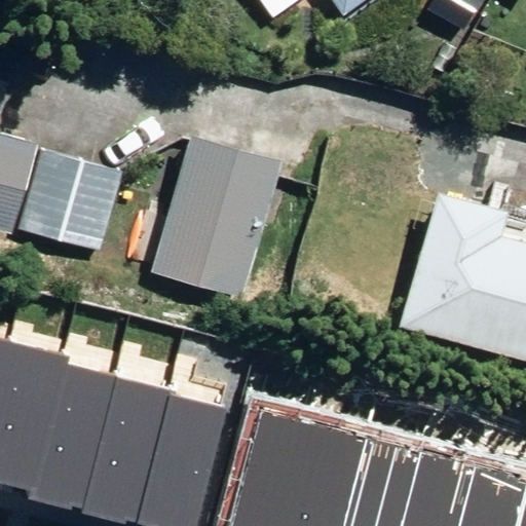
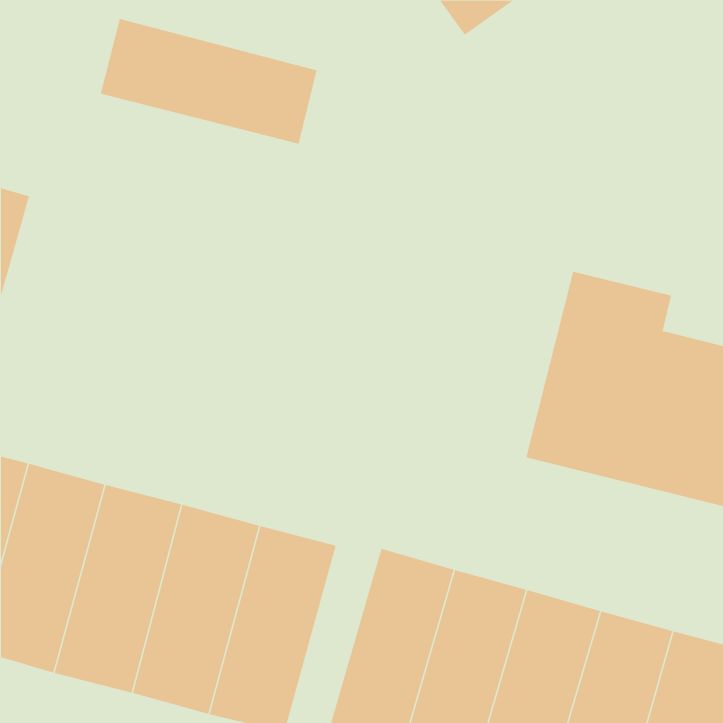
building: none -> [100,18,317,145]
building: [150,141,272,301] -> none
building: [17,156,114,252] -> none

